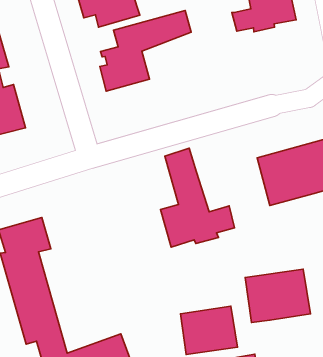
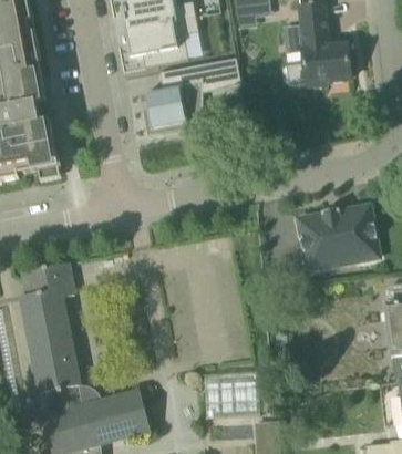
building: [161,148,235,247] -> none
building: [245,269,310,323] -> none

